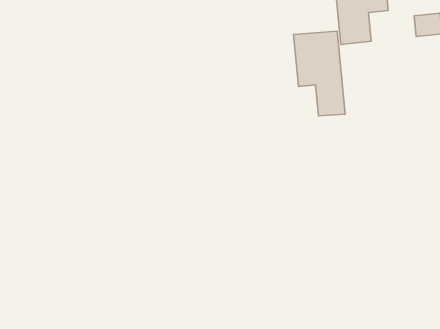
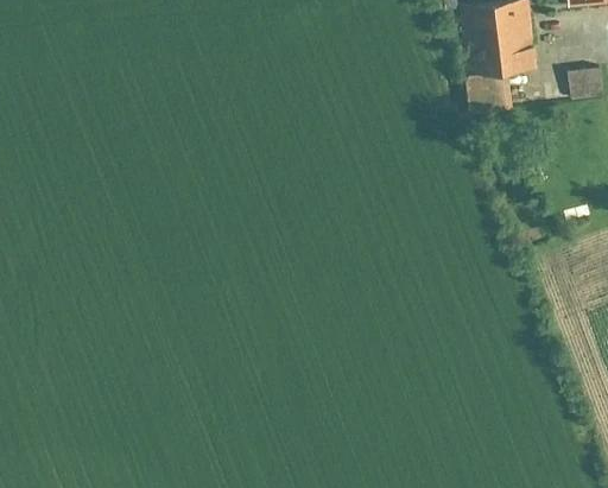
building: [294,31,345,116] -> none

